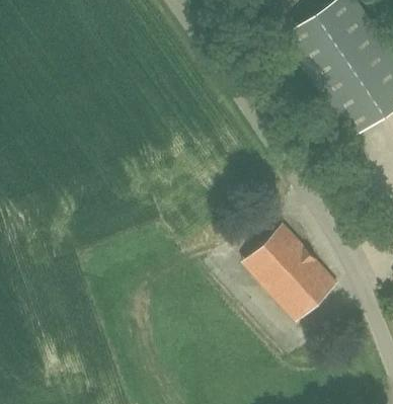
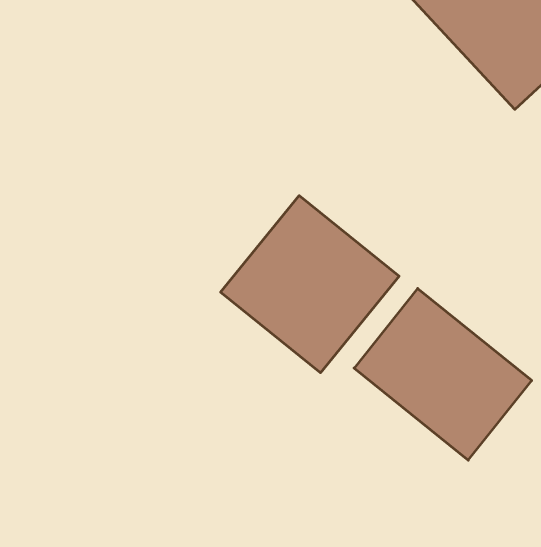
building: none -> [221,196,399,373]

